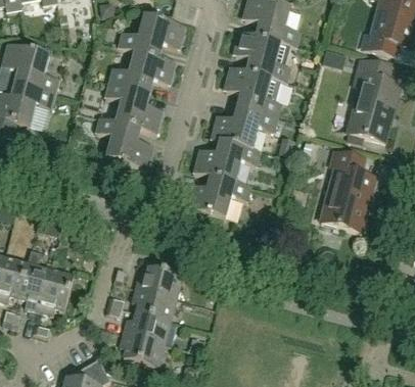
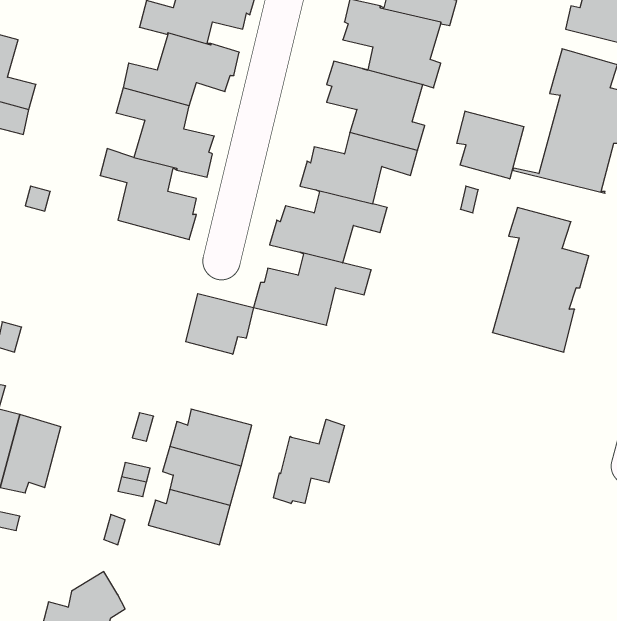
building: none -> [457,111,524,179]
building: none -> [186,294,253,354]
building: none -> [274,419,345,504]
building: [121,331,165,366] -> none

